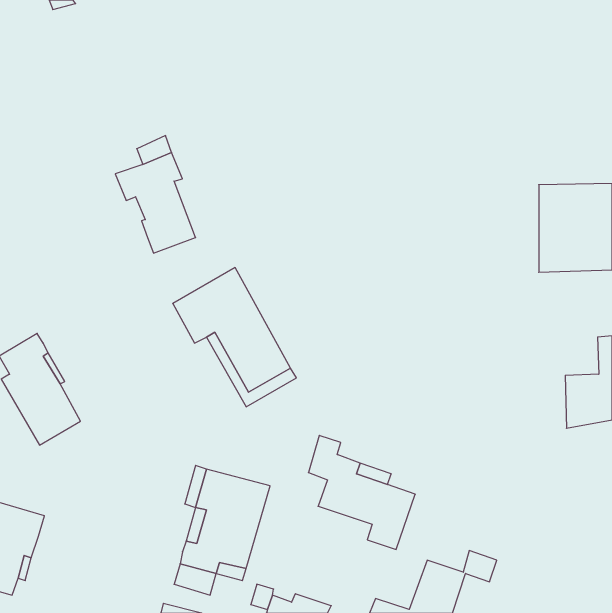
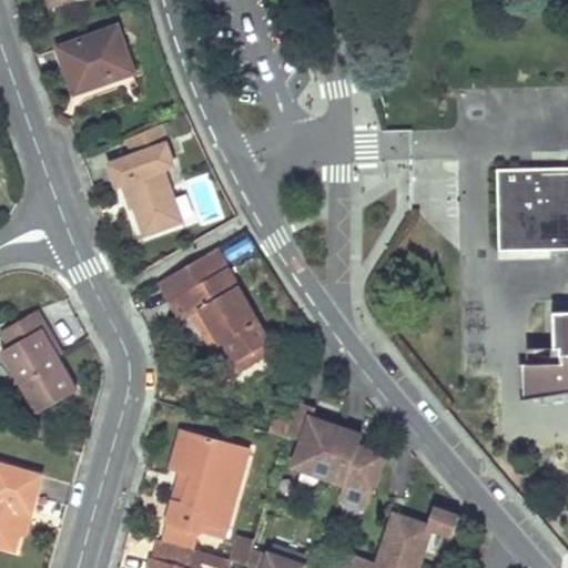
building: none -> [60,29,134,87]

